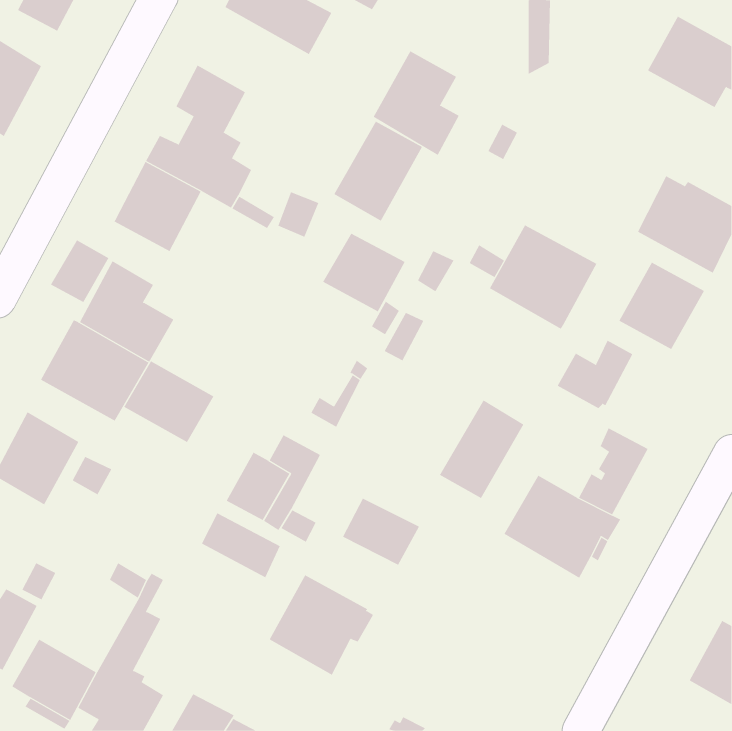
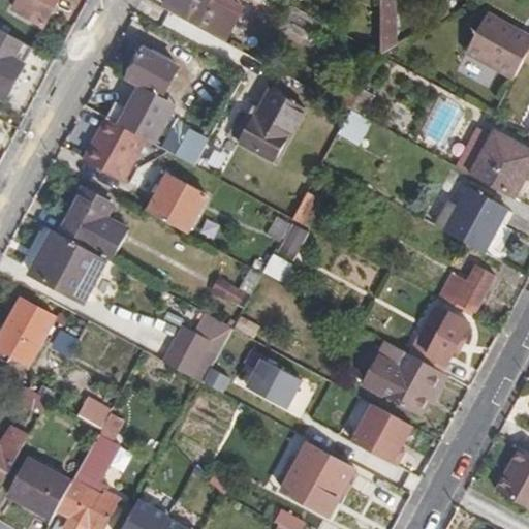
building: [373,50,460,156] -> none
building: [489,224,597,329] -> none
building: [322,233,406,312] -> [146,175,206,231]
building: [50,239,109,303] -> none
building: [557,340,633,409] -> [439,264,494,314]
building: [124,361,214,443] -> none
building: [439,400,524,499] -> none
building: [201,513,280,578] -> none
building: none -> [352,403,411,464]
building: [269,575,374,675] -> [283,443,359,516]

